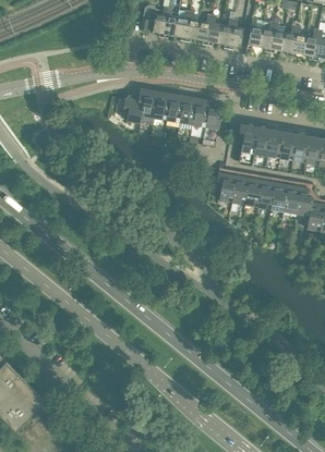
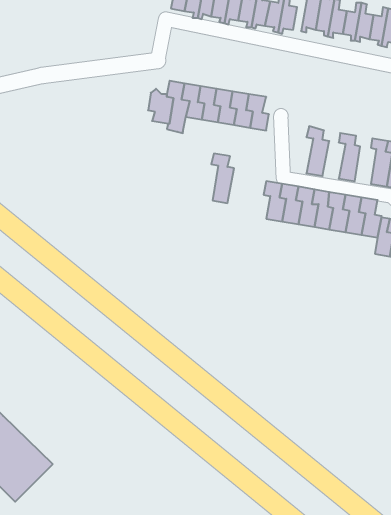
building: [239,123,257,163] -> [211,154,234,203]
building: [265,129,284,168] -> none
building: [291,133,309,172] -> none

